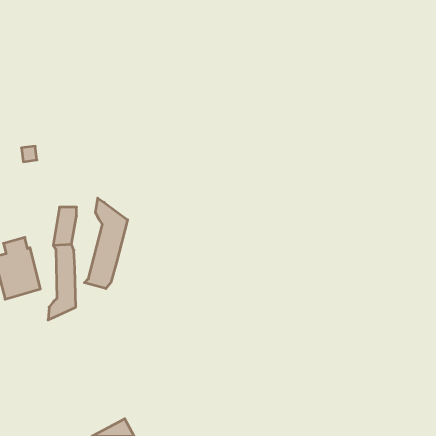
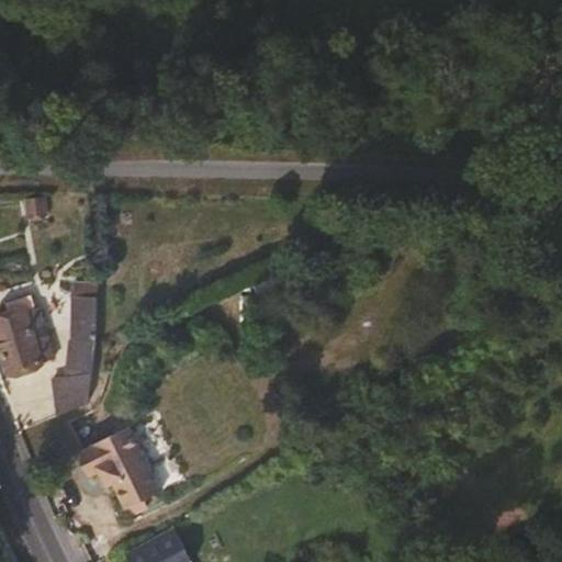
building: [84,198,128,289] -> none
building: none -> [63,429,148,513]

